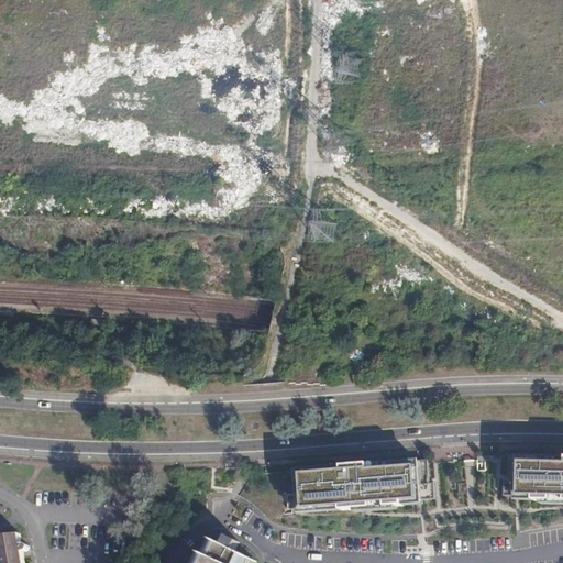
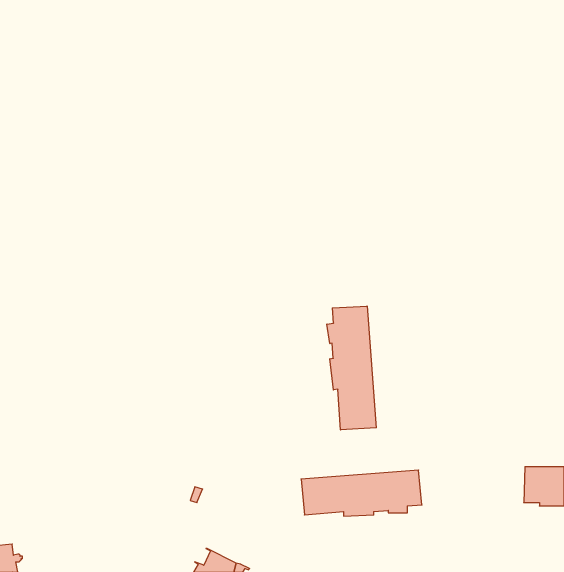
building: none -> [327,306,376,430]

